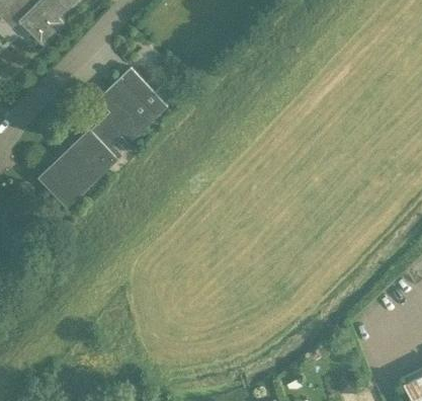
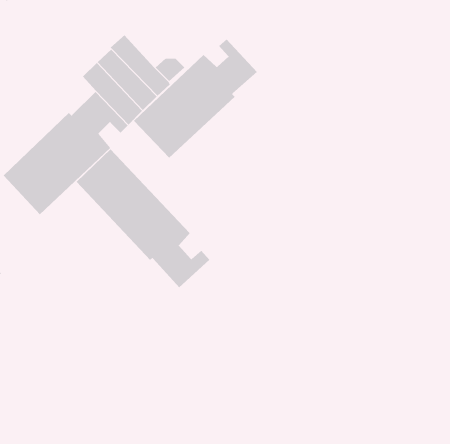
building: none -> [133,38,258,158]
building: none -> [76,149,210,288]

